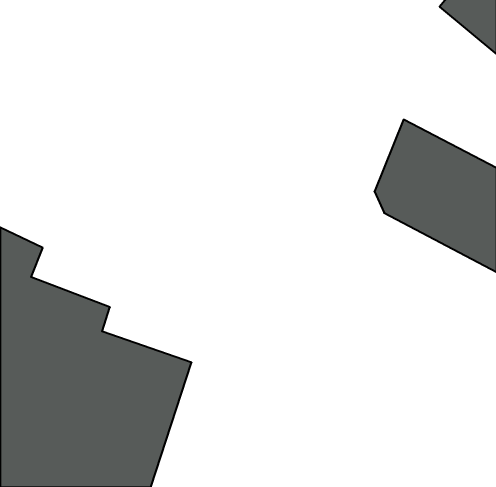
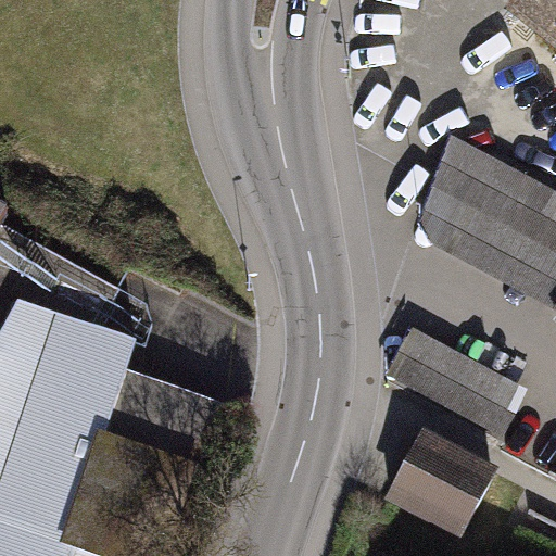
building: none -> [382,328,527,439]
building: none -> [384,428,492,532]

